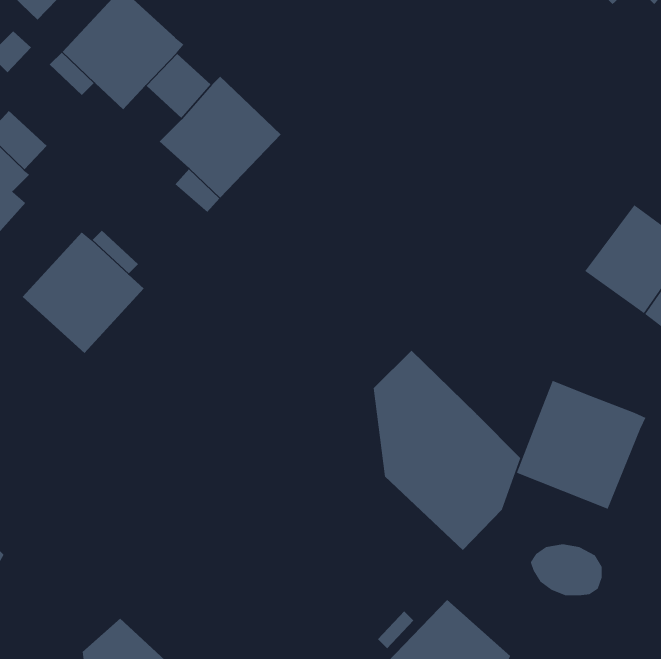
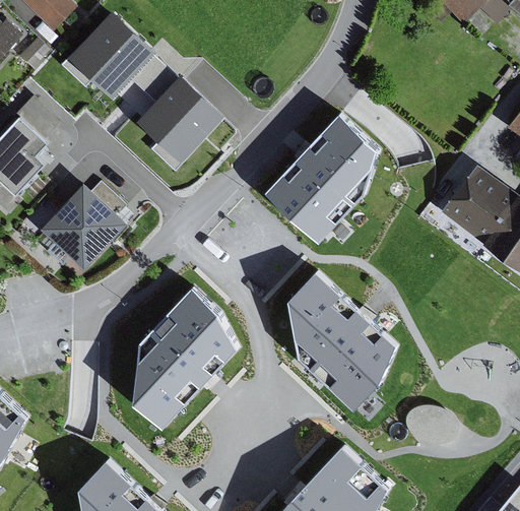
building: none -> [266,113,380,241]
building: none -> [134,291,238,429]
building: [516,380,646,510] -> none

